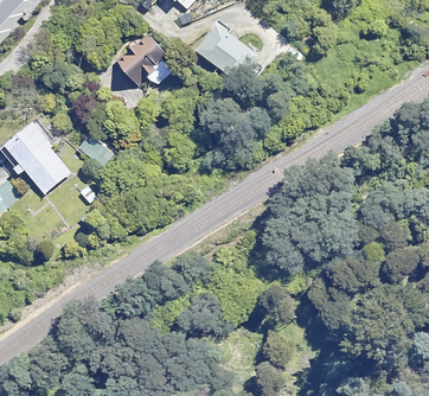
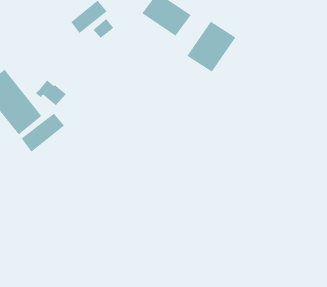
building: none -> [187,21,236,73]
building: none -> [21,113,65,152]

